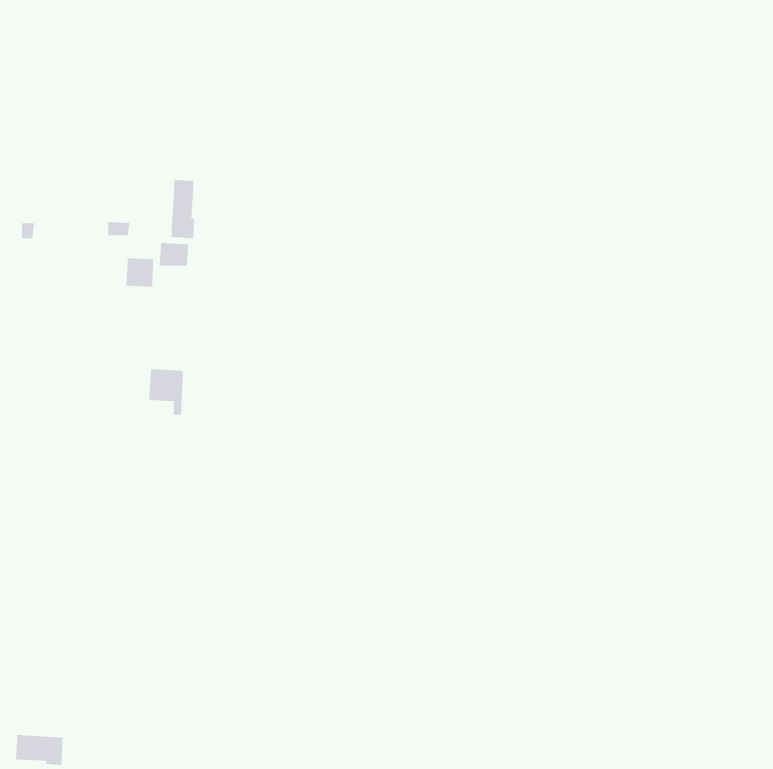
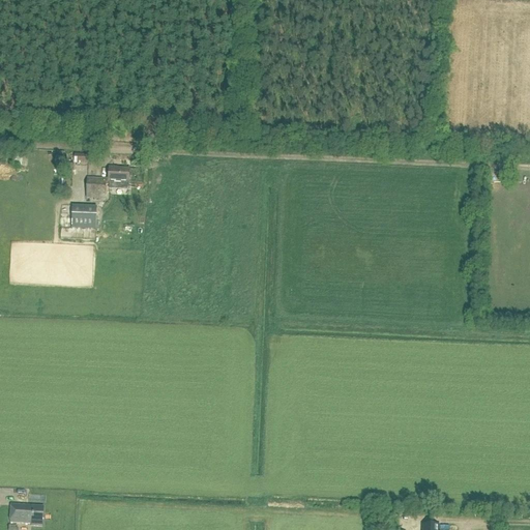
building: [171,179,195,239] -> none
building: [149,369,183,416] -> [72,204,96,236]

